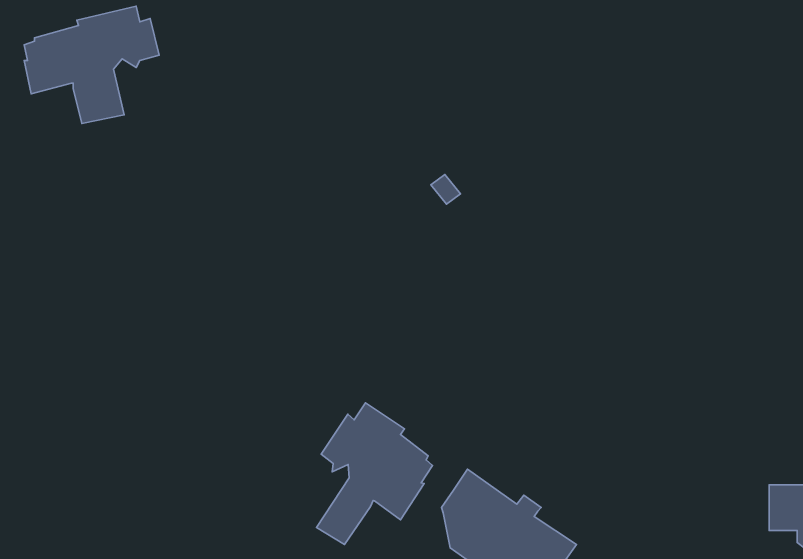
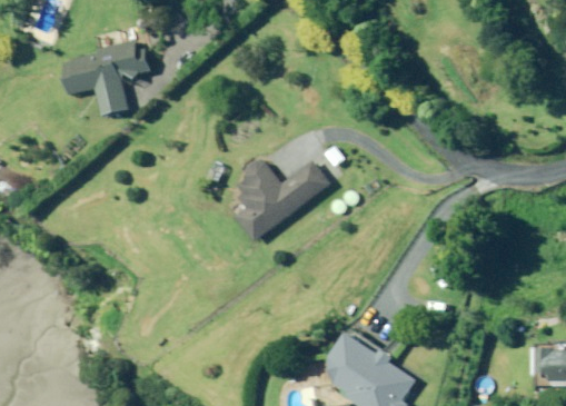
building: none -> [234,160,329,241]
building: [316,403,433,545] -> none

